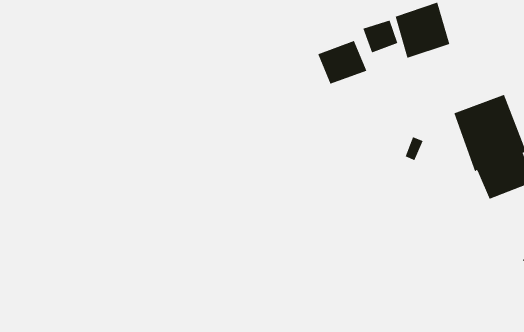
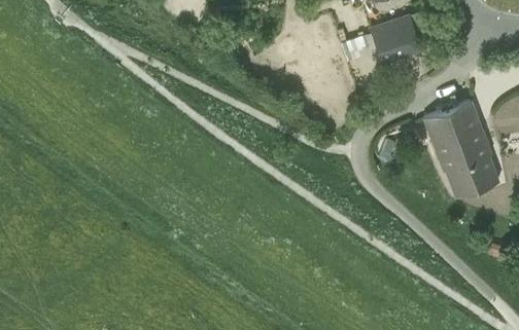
building: [317,40,367,85] -> none

